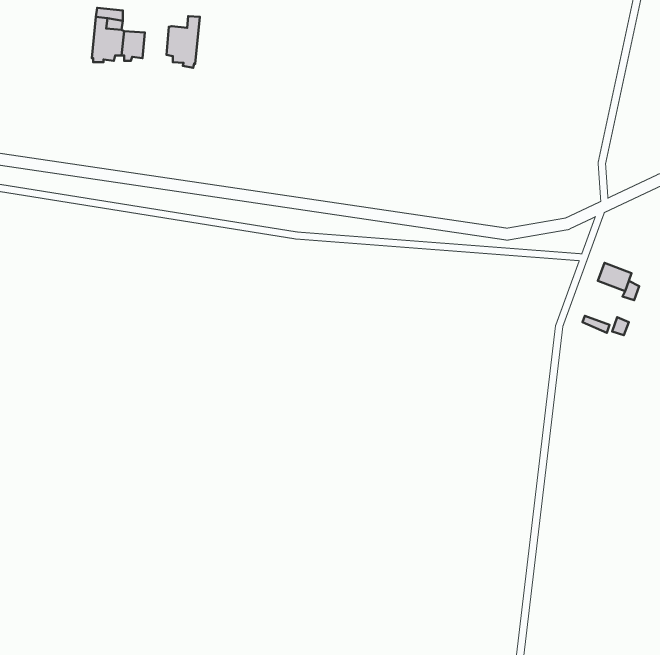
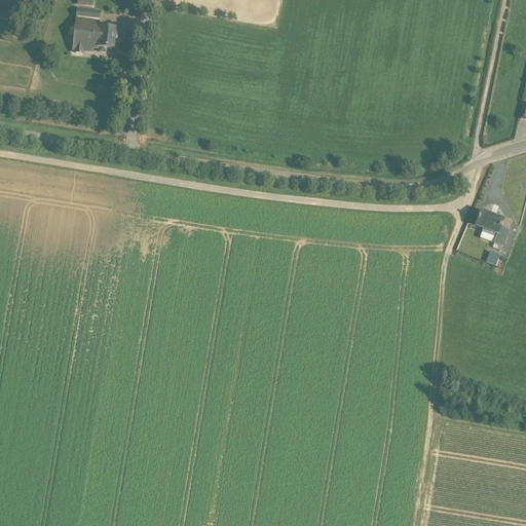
building: [166,16,200,68] -> none

